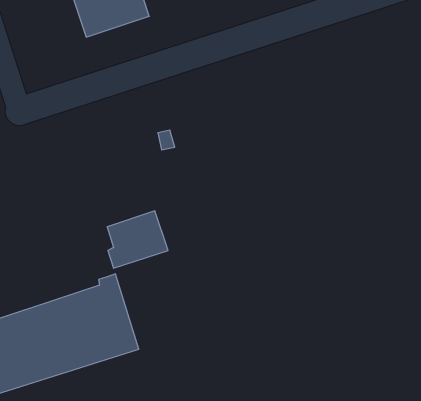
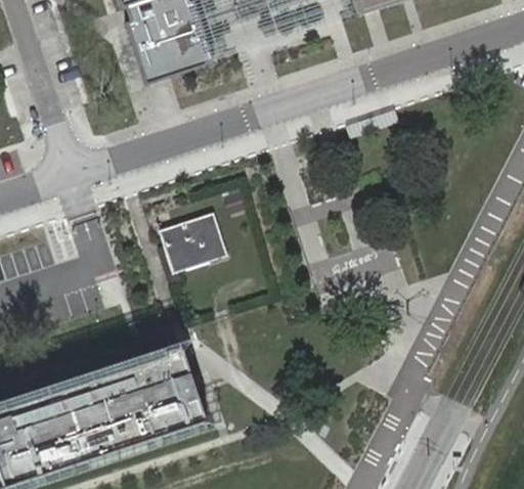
building: [107,211,168,268] -> [159,206,225,268]

